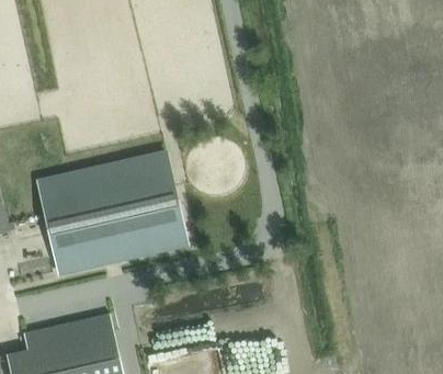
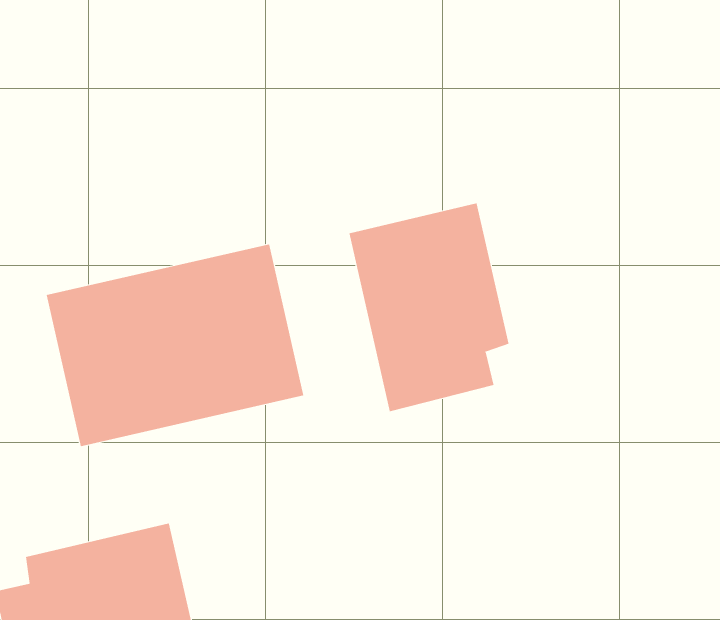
building: none -> [349,202,509,412]

